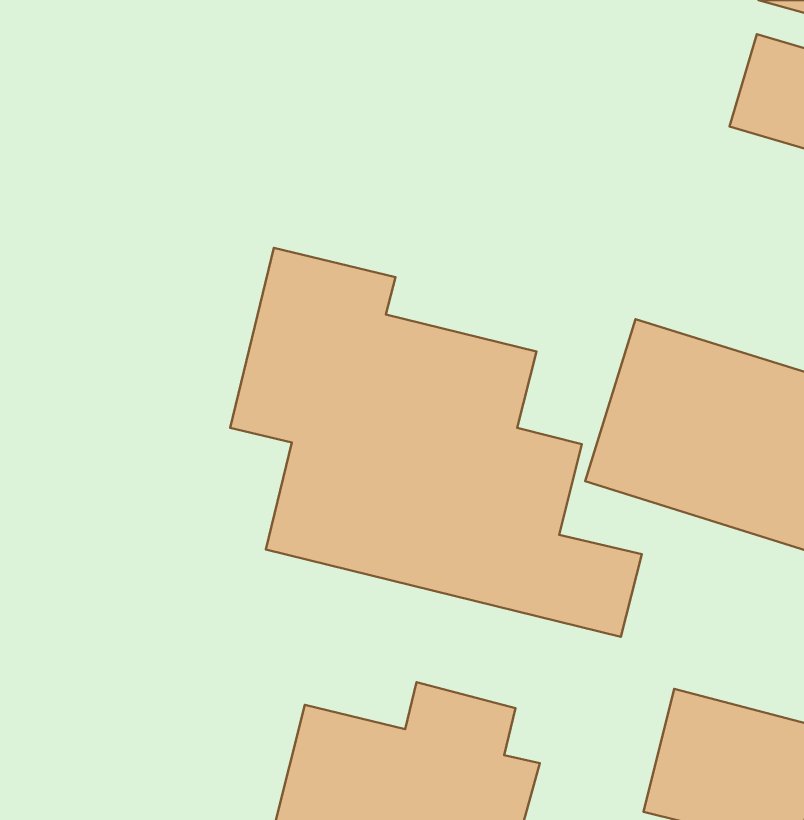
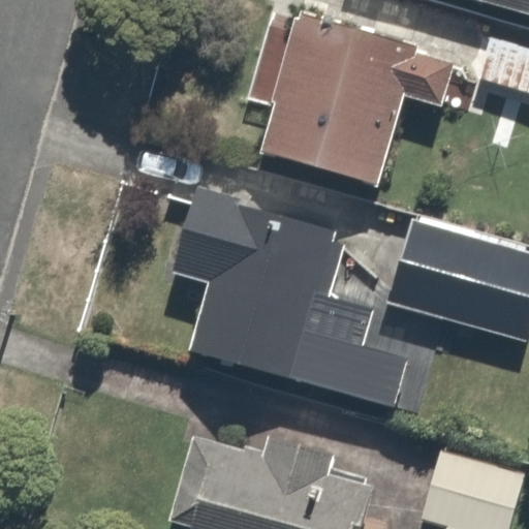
building: none -> [263,15,454,181]

